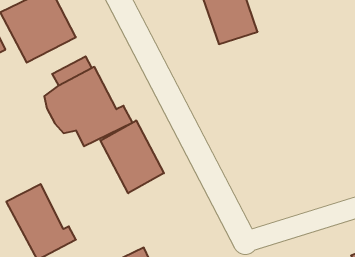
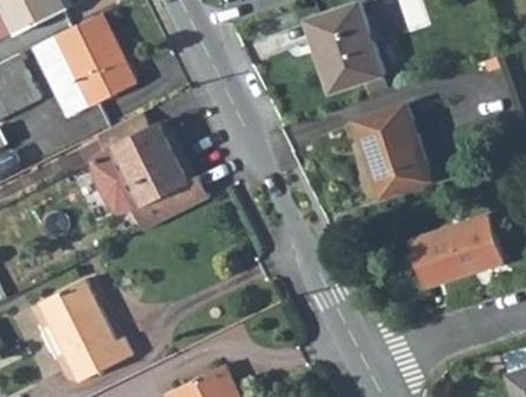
building: none -> [354,102,427,193]
building: [100,120,164,193] -> none
building: none -> [413,214,505,285]

